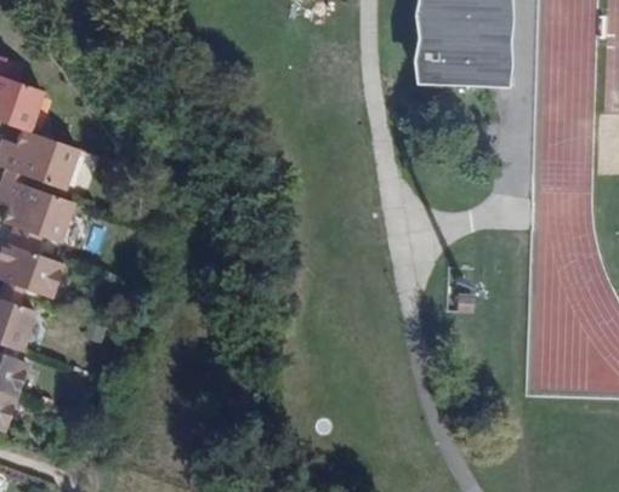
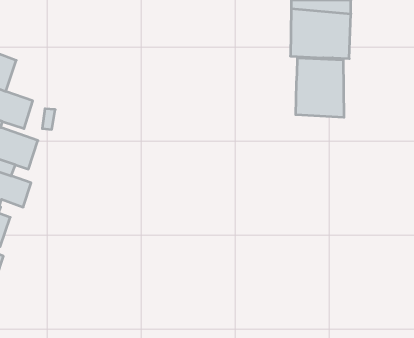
building: none -> [296,58,344,117]

